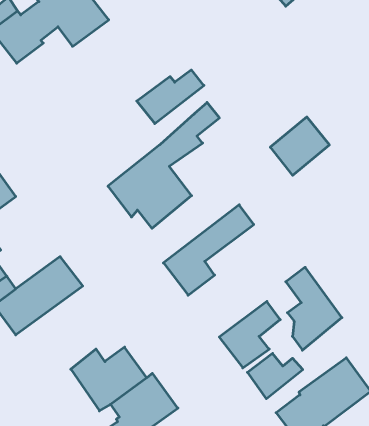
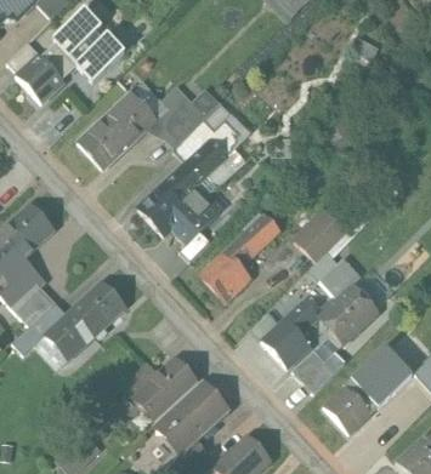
building: none -> [78,88,160,170]
building: [270,117,329,175] -> [295,202,351,259]

